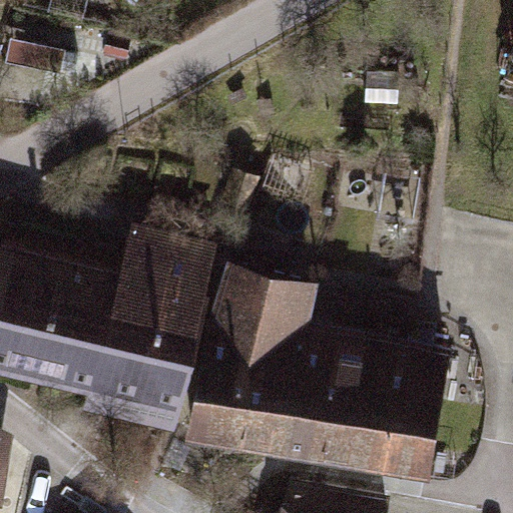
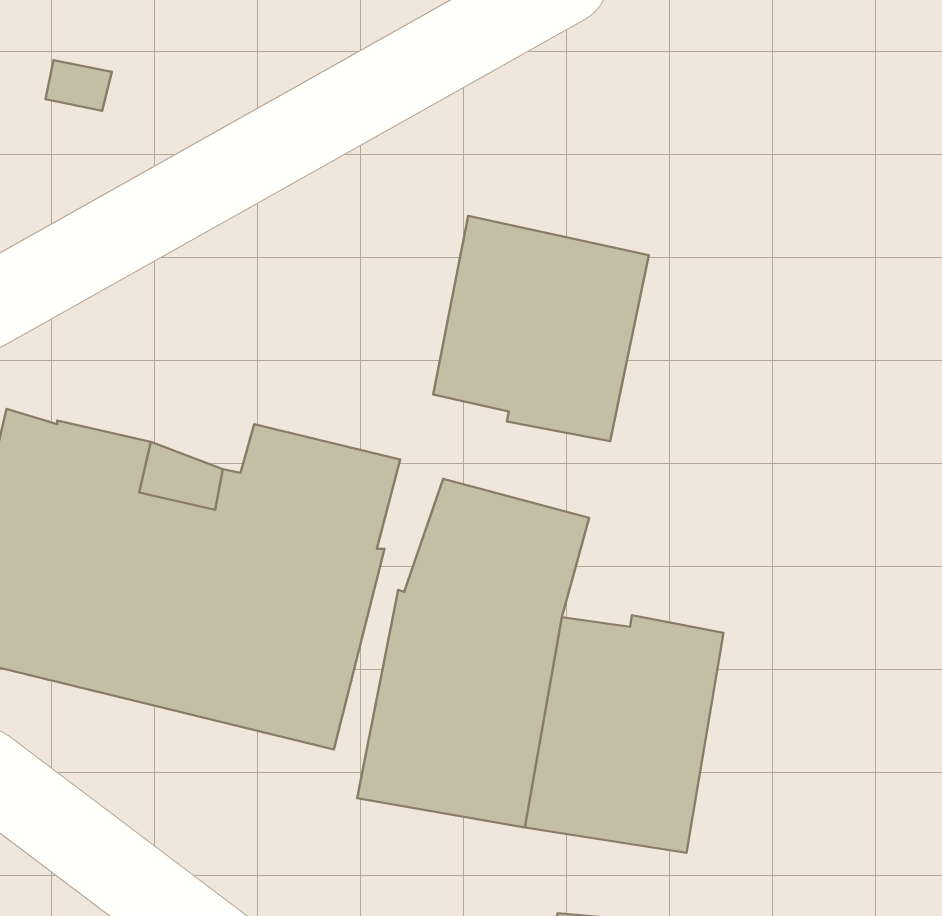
building: none -> [433,216,649,441]
building: [358,351,444,475] -> none

